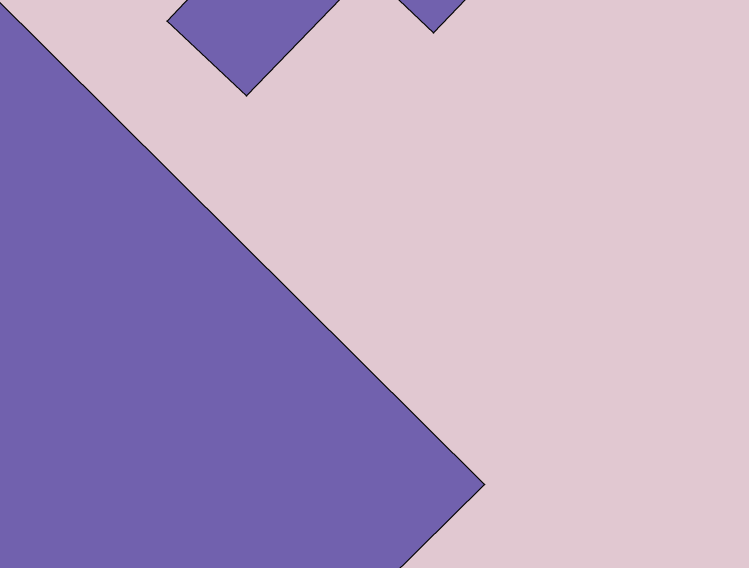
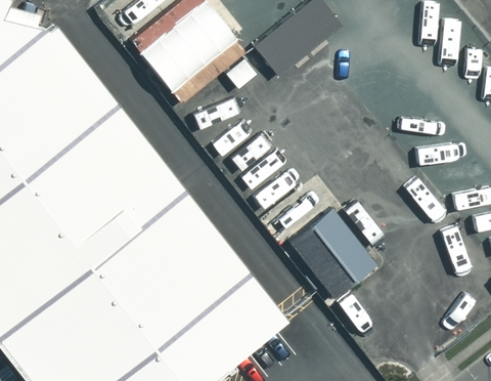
building: none -> [289,206,375,296]

